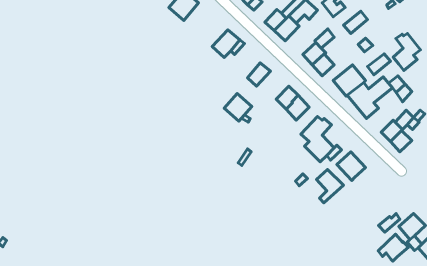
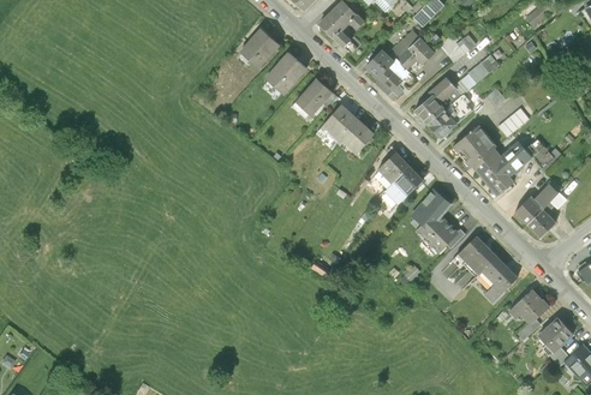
building: none -> [268,52,306,91]
building: [393,33,421,70] -> none
building: [224,93,252,121] -> [323,104,359,140]
building: [317,169,343,203] -> [482,257,517,300]
building: [378,234,408,261] -> [511,288,550,323]

